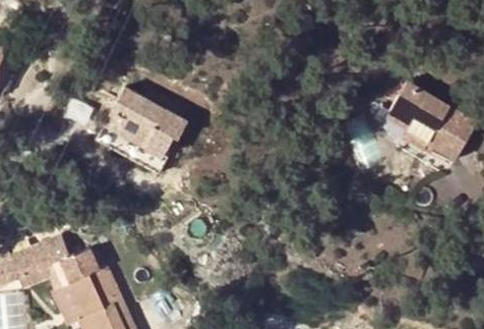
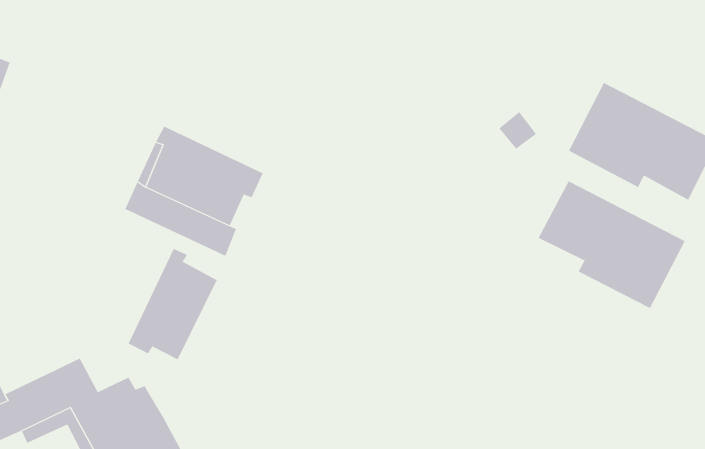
building: none -> [538,180,686,309]
building: none -> [128,248,218,360]

